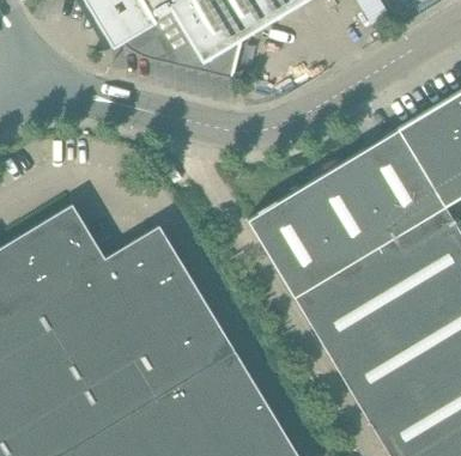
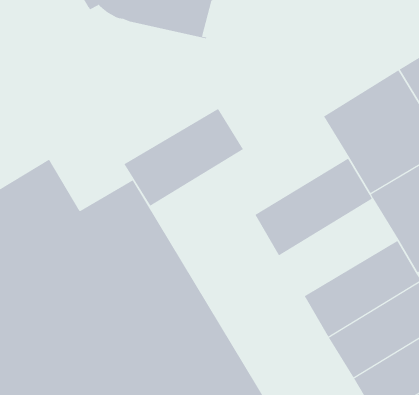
building: [257,159,383,262] -> [123,108,244,206]
building: [310,245,435,347] -> none

